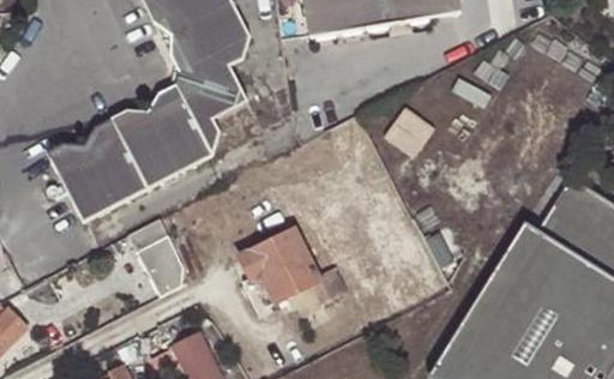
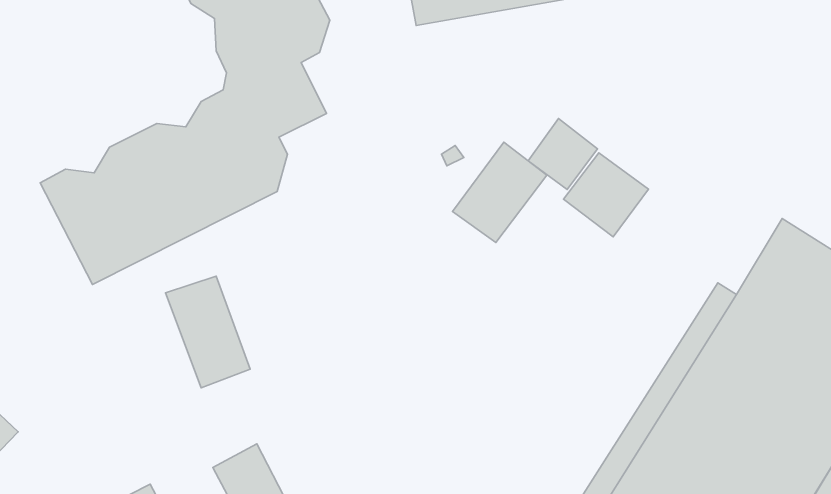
building: none -> [453,142,547,243]
building: none -> [564,153,648,237]
building: [240,227,321,311] -> none

